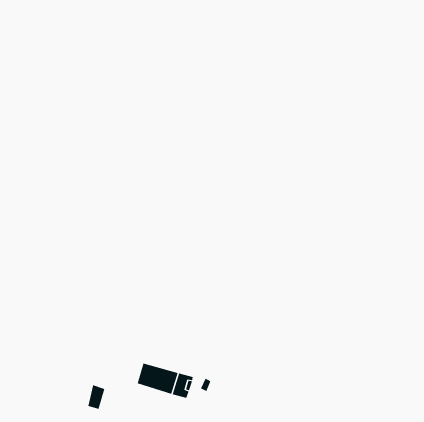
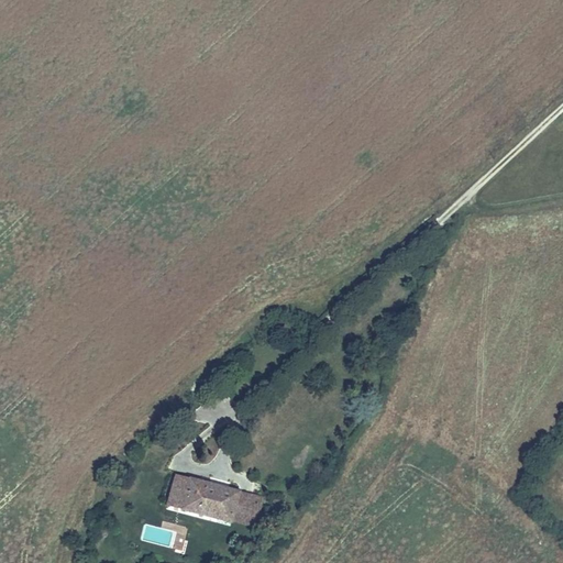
building: [88,385,105,410] -> [168,472,191,505]

